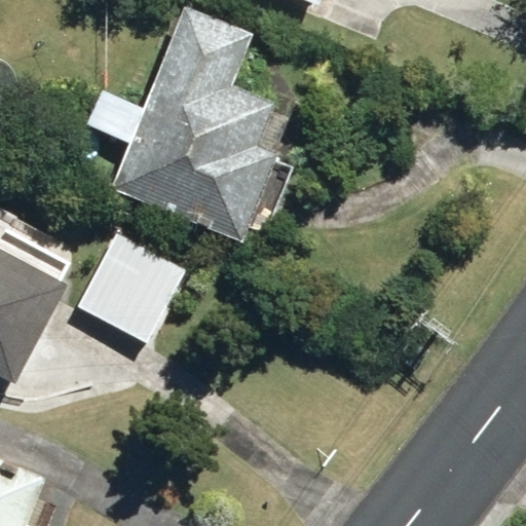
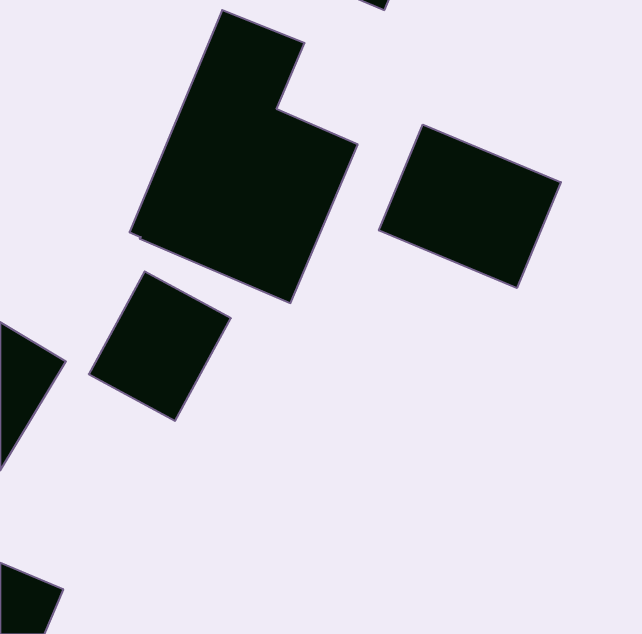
building: none -> [379,125,561,288]

